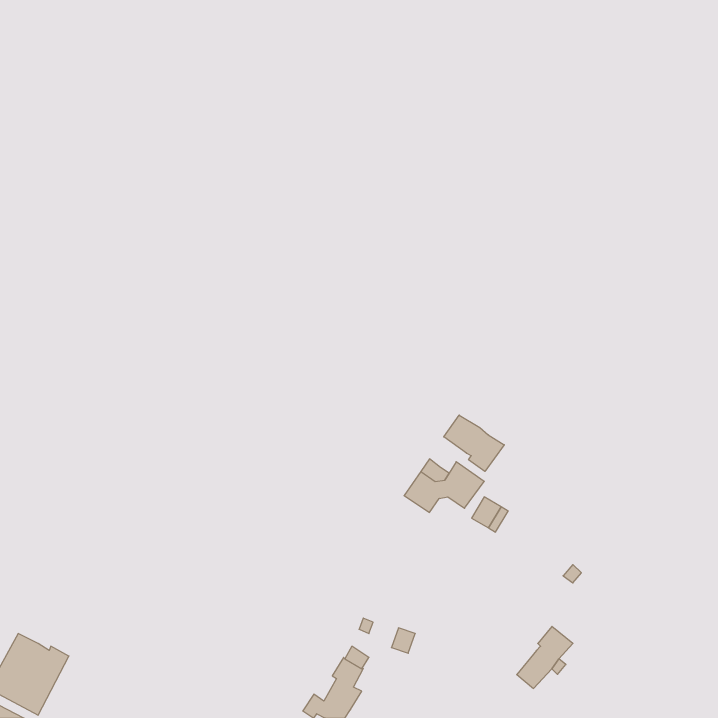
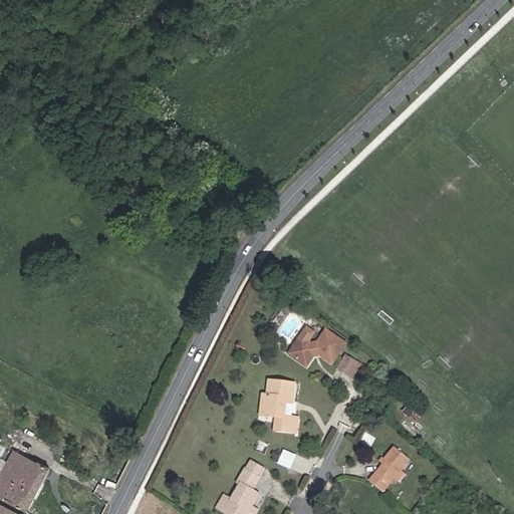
building: [444,415,504,471] -> none
building: none -> [260,380,296,431]

